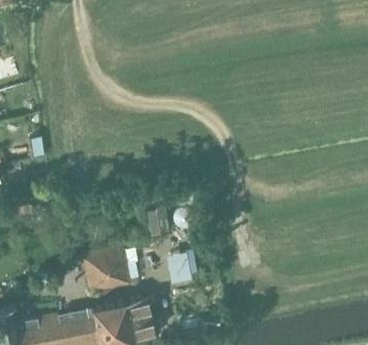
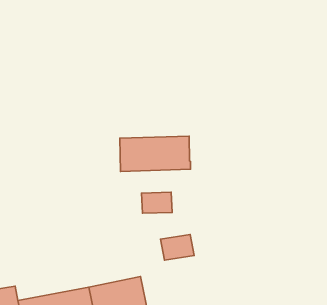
building: none -> [120,136,191,172]
building: [83,251,130,294] -> none

